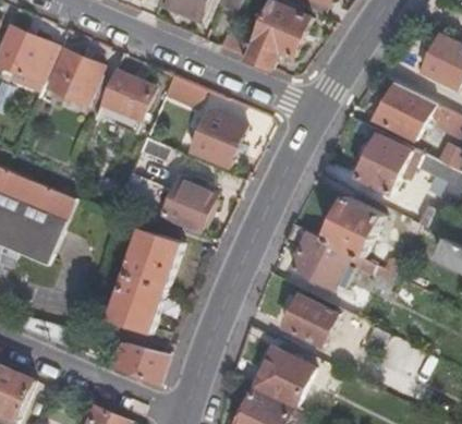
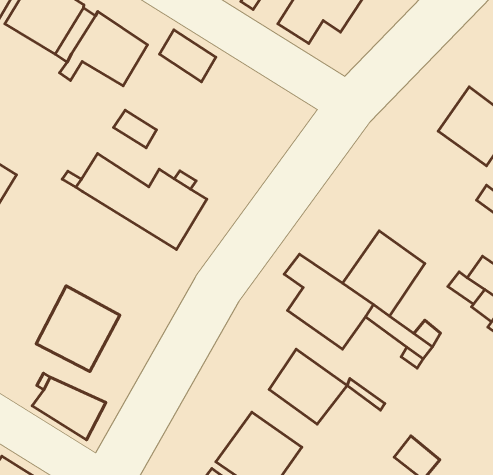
building: [190,111,253,172] -> none
building: [354,135,409,193] -> none
building: [122,228,181,289] -> none

